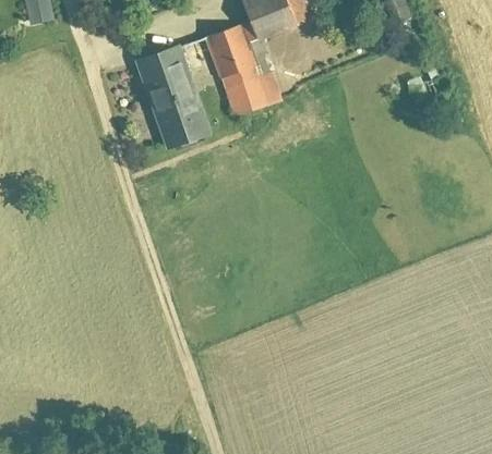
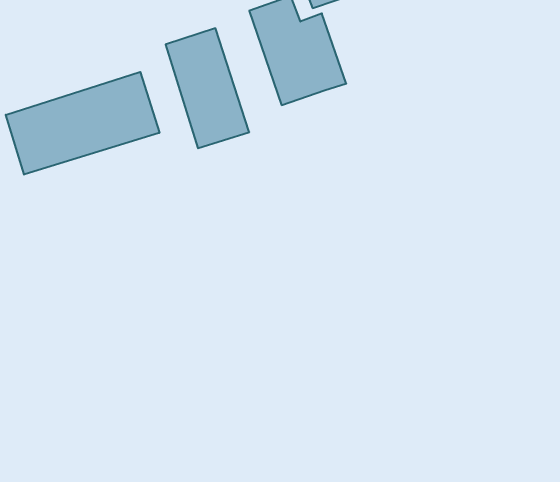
building: none -> [6,72,159,175]

